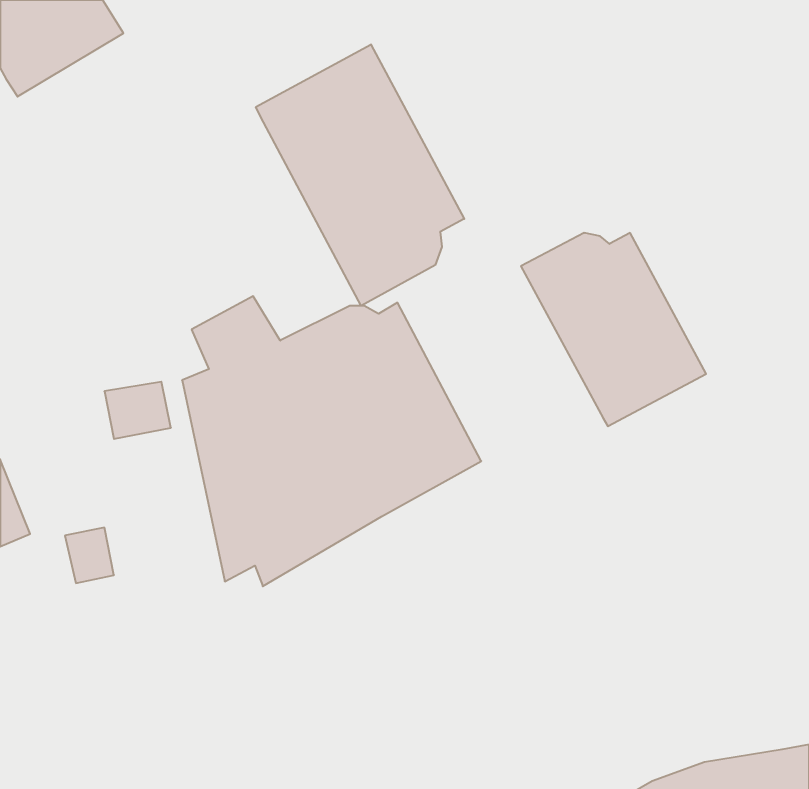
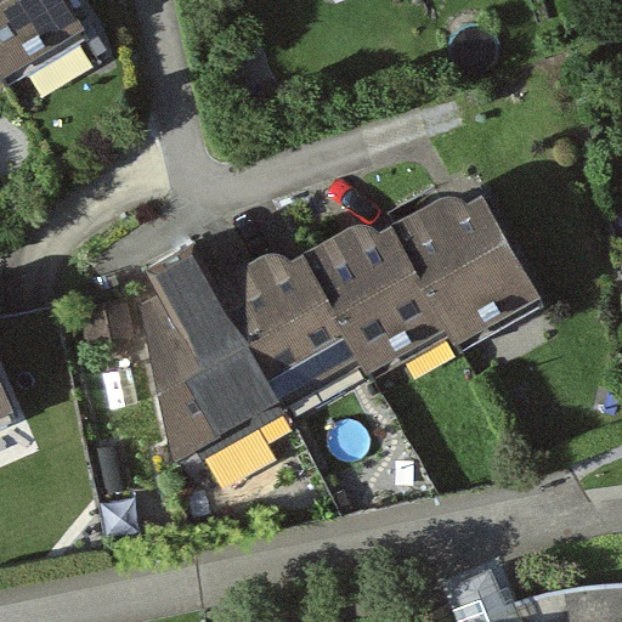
building: [256,44,464,306] -> none
building: none -> [305,220,463,383]

